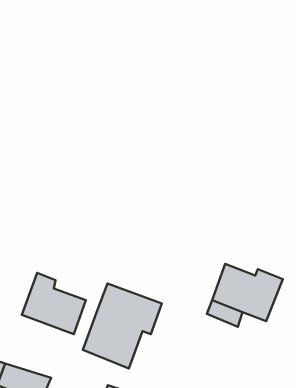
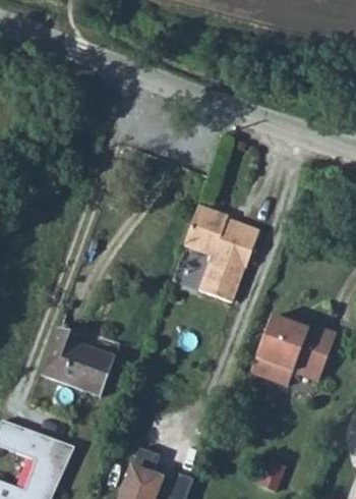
building: none -> [184,205,258,303]
building: [83,283,162,368] -> none

